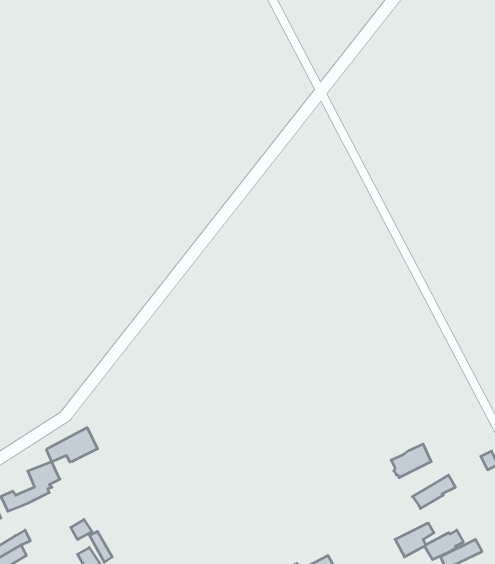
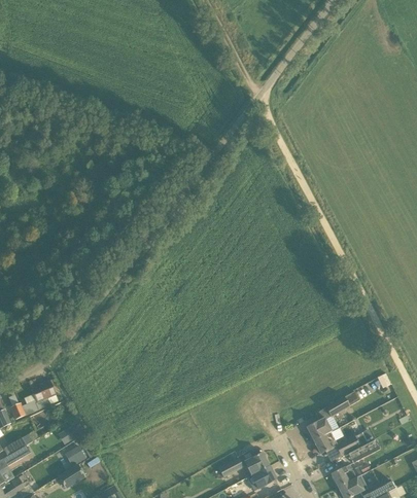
building: [46,428,98,462] -> none
building: [391,444,431,478] -> [305,416,336,441]

